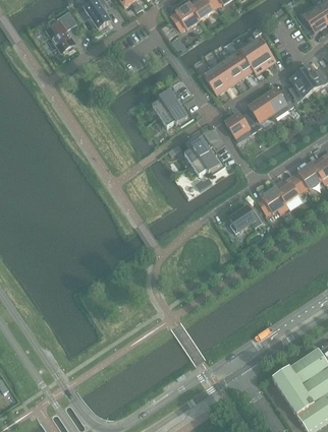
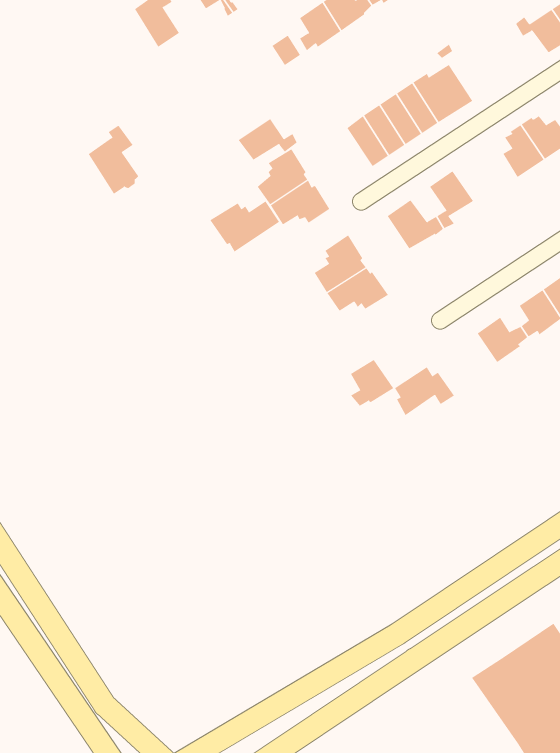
building: [47,14,75,53] -> [88,125,139,194]
building: none -> [238,118,298,160]
building: [262,88,294,116] -> none
building: none -> [210,201,280,252]
building: [262,187,286,213] -> [350,359,394,407]

